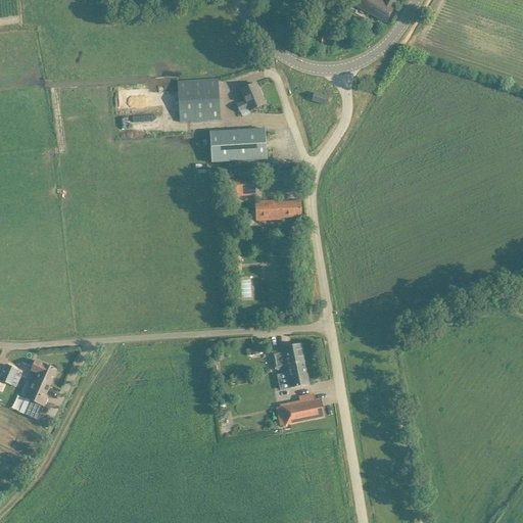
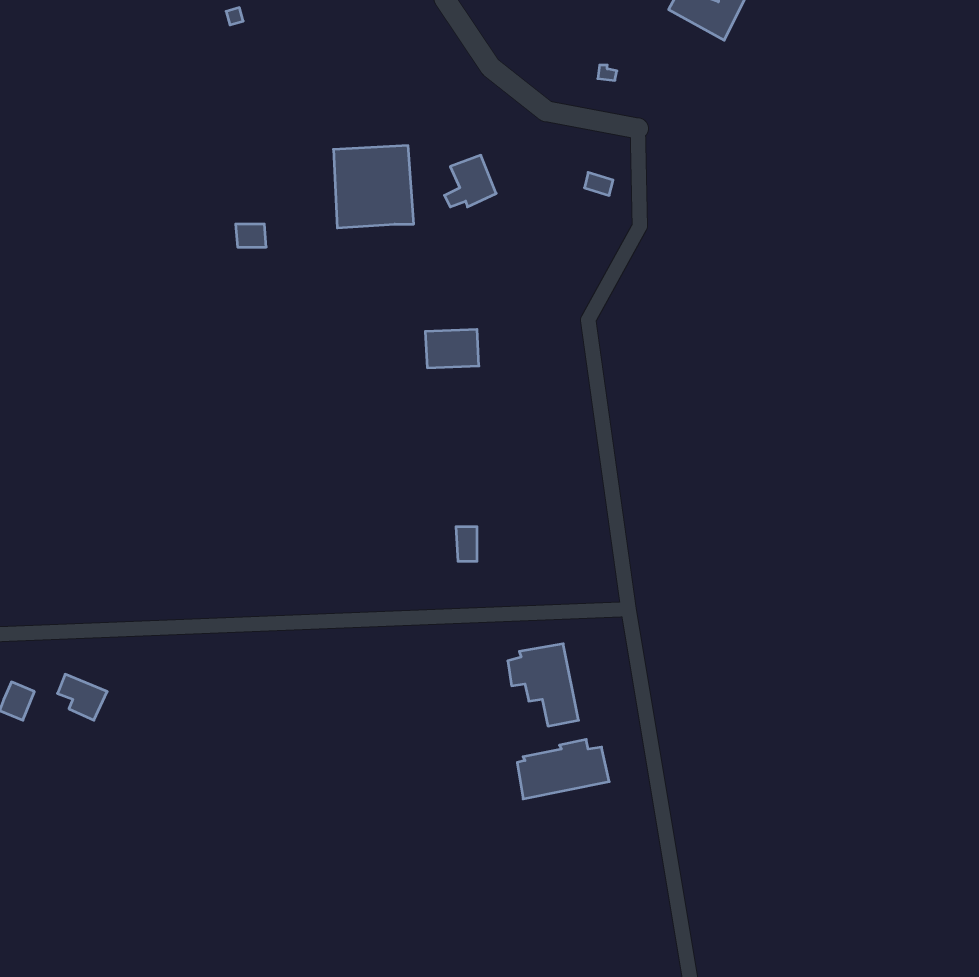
building: [209,130,266,162] -> none
building: [255,200,301,221] -> none
building: [25,378,50,411] -> none

